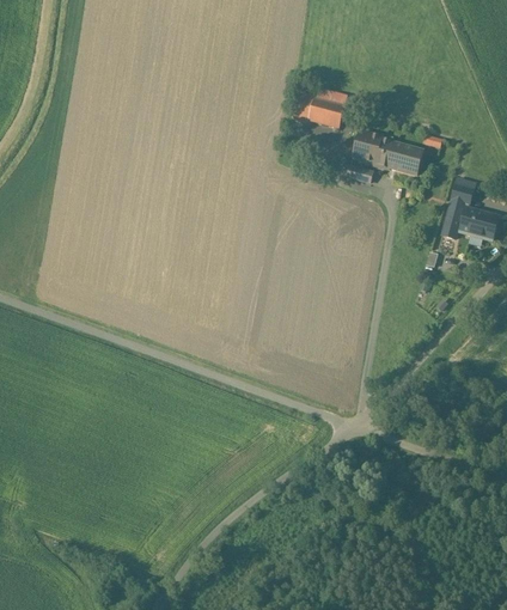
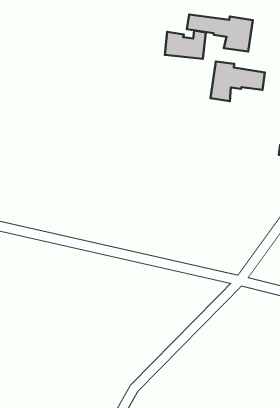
building: none -> [187,14,253,51]

